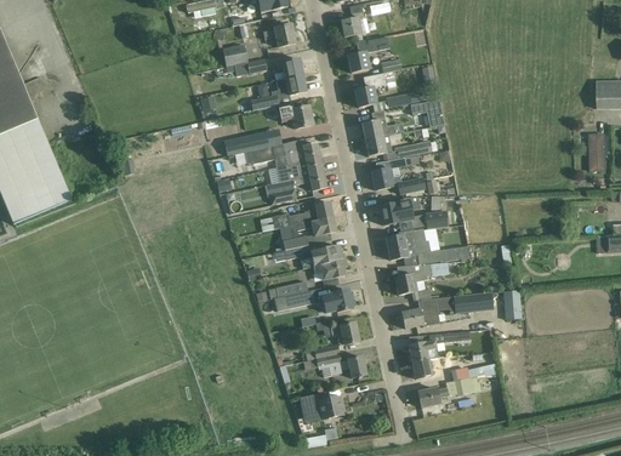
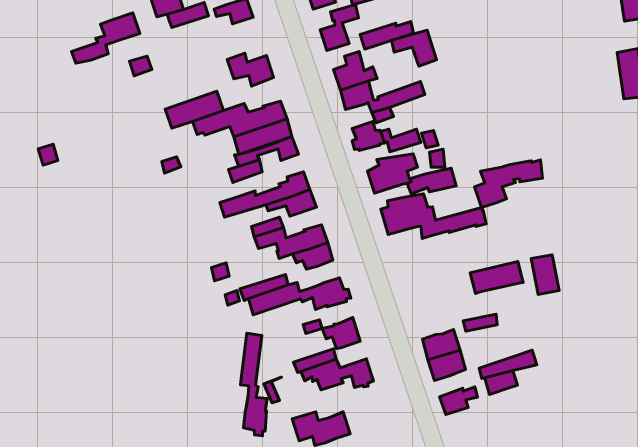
building: [250,74,306,109] -> [71,13,140,63]
building: [394,262,449,295] -> [475,160,542,208]
building: [401,298,439,327] -> none
building: none -> [241,333,267,436]

